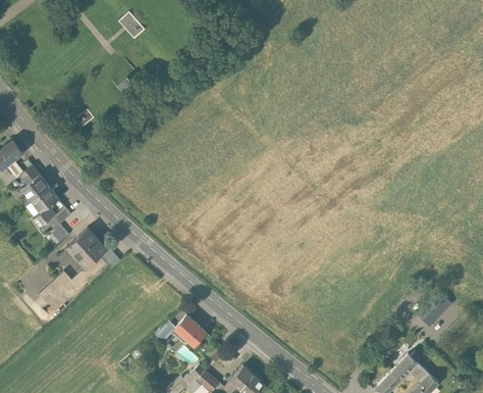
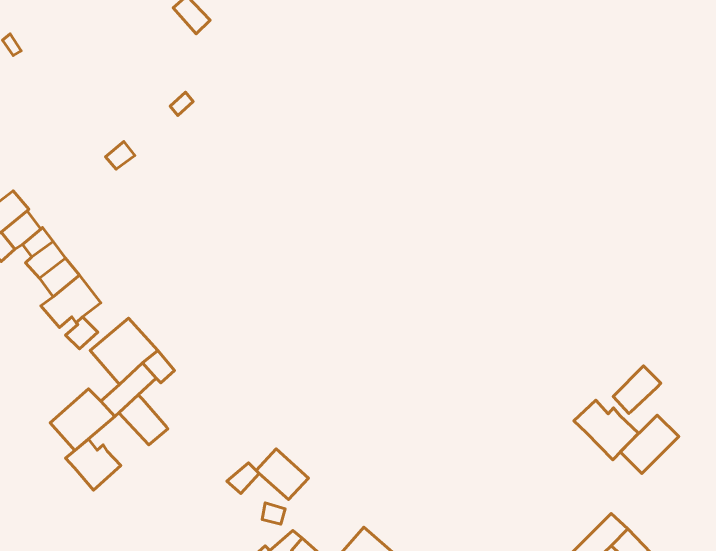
building: none -> [613,366,661,414]
building: none -> [119,395,168,445]
building: none -> [574,400,639,460]
building: none -> [65,439,121,490]

